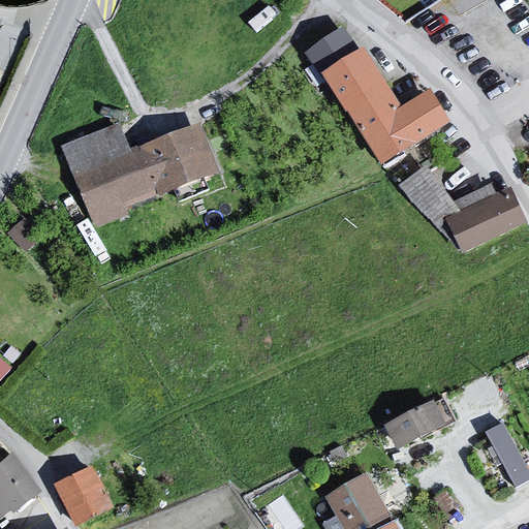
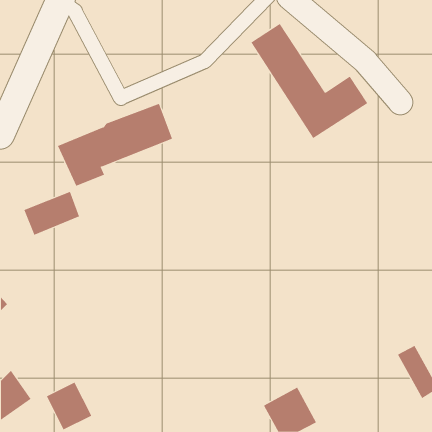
building: [61,123,129,177] -> [23,191,80,235]
building: [395,165,523,253] -> none
building: [381,402,442,450] -> none

